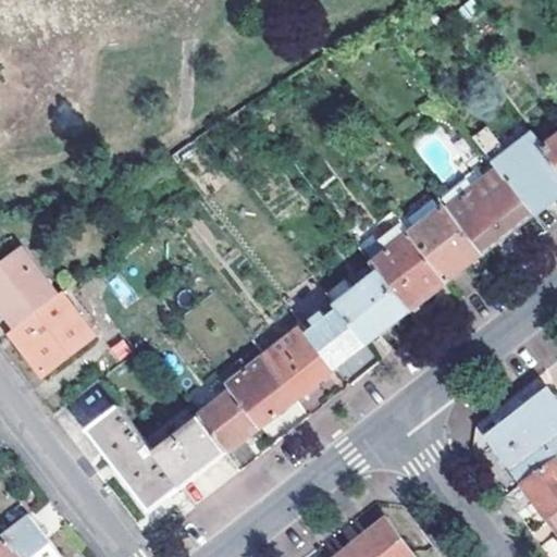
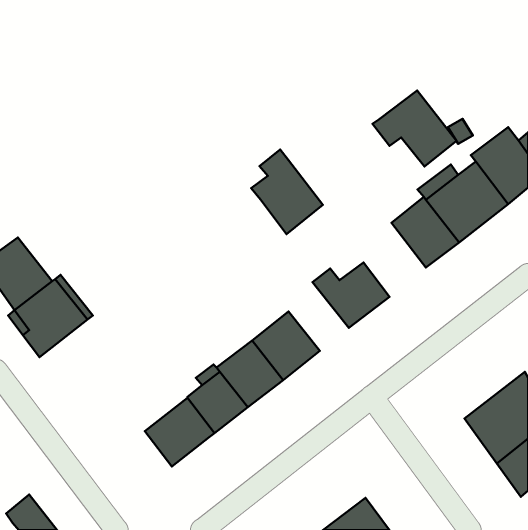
building: none -> [373,91,456,166]
building: [370,222,445,310] -> [251,150,323,234]
building: [301,301,364,367] -> none
building: [86,406,180,510] -> none

